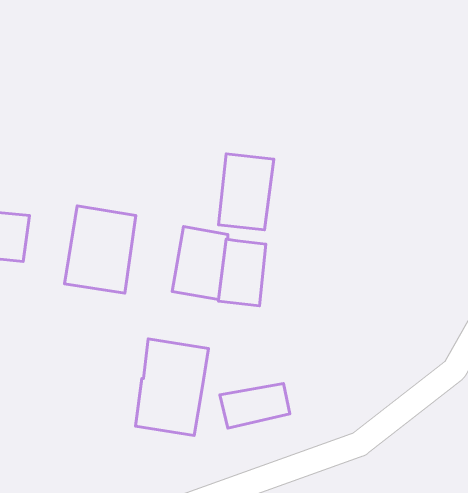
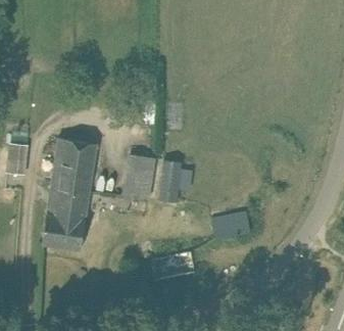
building: [218,154,274,230] -> none
building: none -> [212,214,251,239]
building: [135,339,208,436] -> [43,188,90,250]

